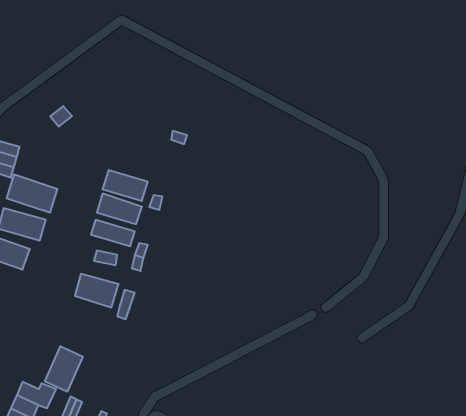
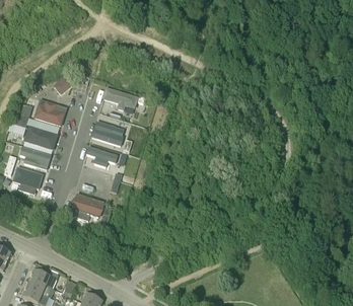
building: none -> [99,87,133,110]
building: none -> [34,99,65,126]
building: [45,346,83,392] -> none

